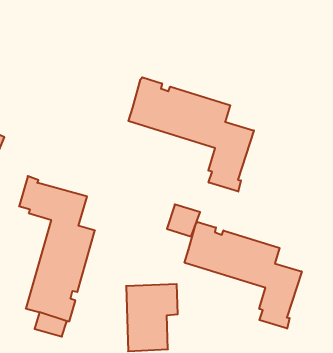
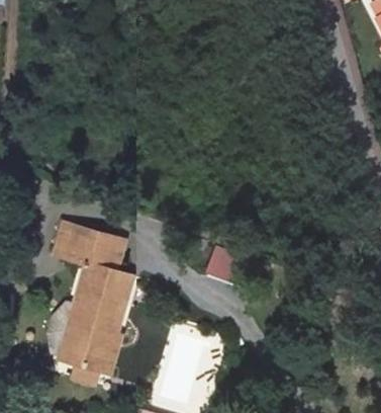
building: [128,77,254,192] -> none
building: [185,222,302,329] -> none

